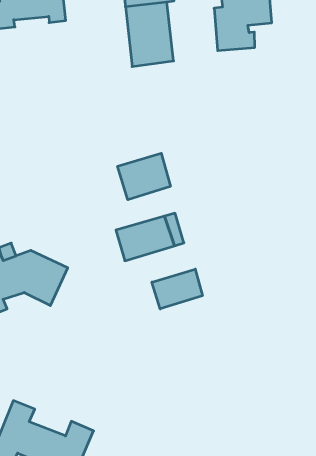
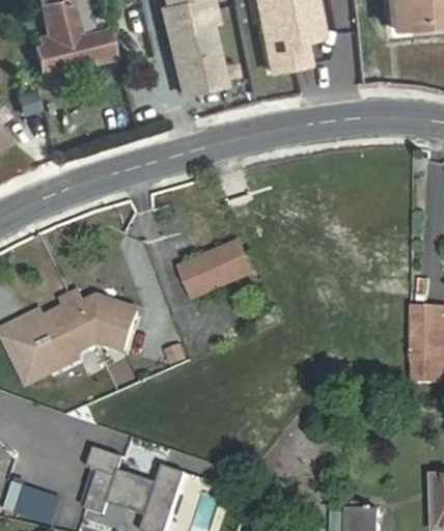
building: [118,153,170,200] -> none
building: [152,269,202,309] -> none

